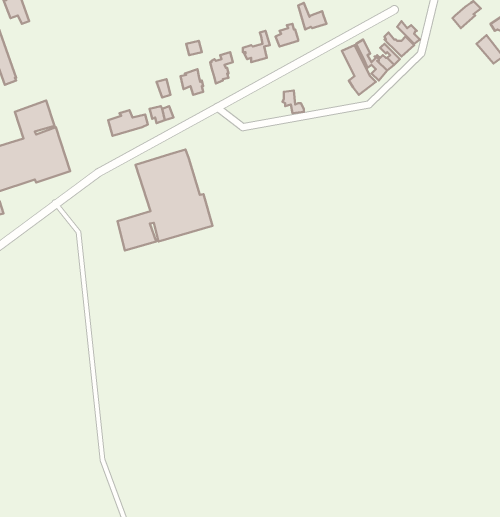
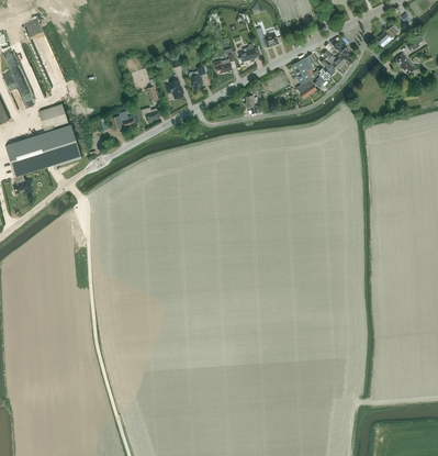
building: [117,150,213,250] -> none

